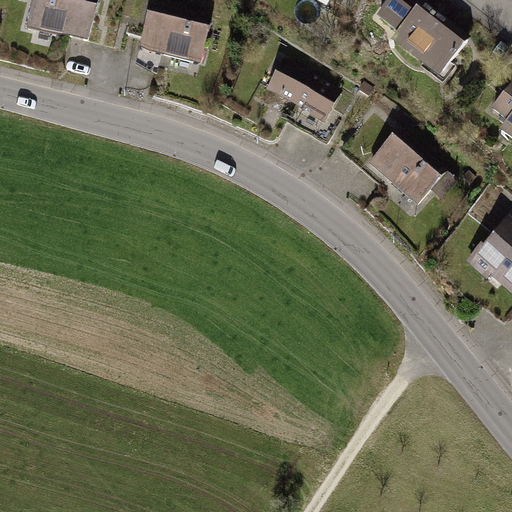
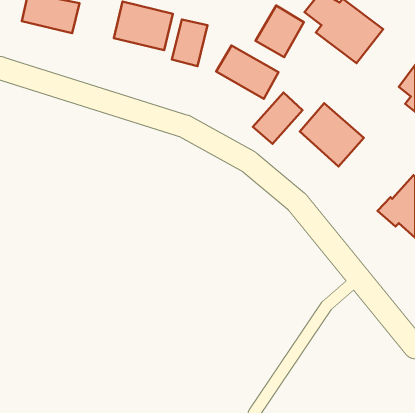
building: none -> [256,6,304,57]
building: none -> [172,19,207,66]
building: none -> [253,92,303,144]

